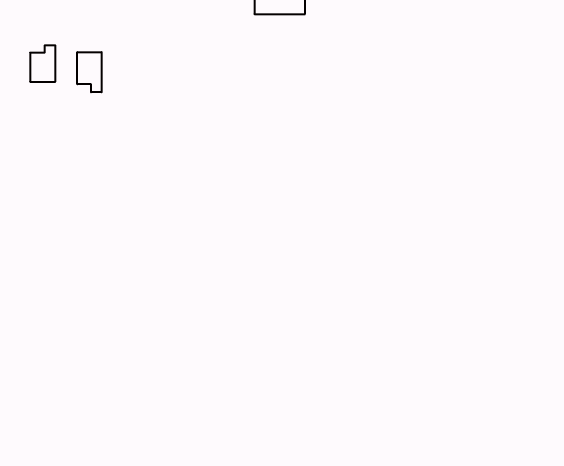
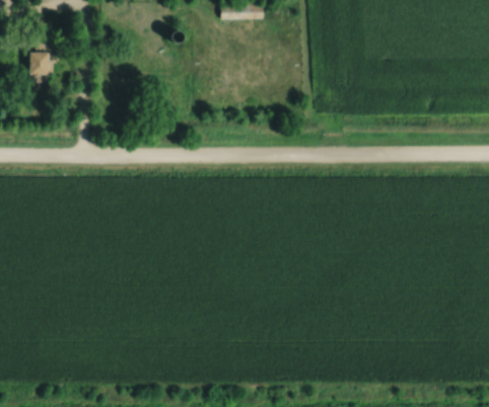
building: [77,52,102,92] -> none

